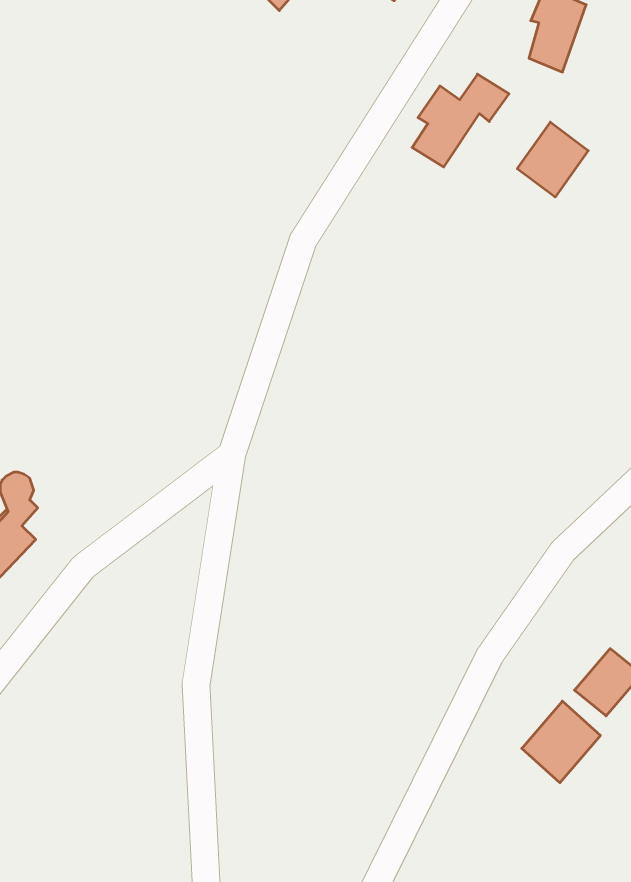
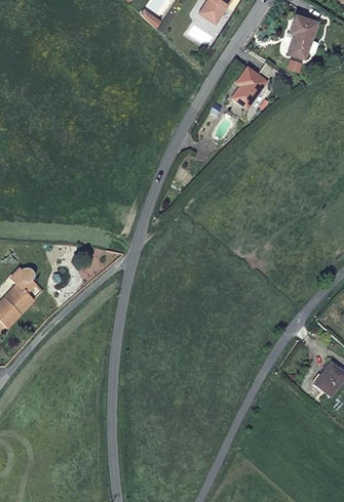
building: [517,122,588,197] -> none
building: [522,701,600,783] -> none

